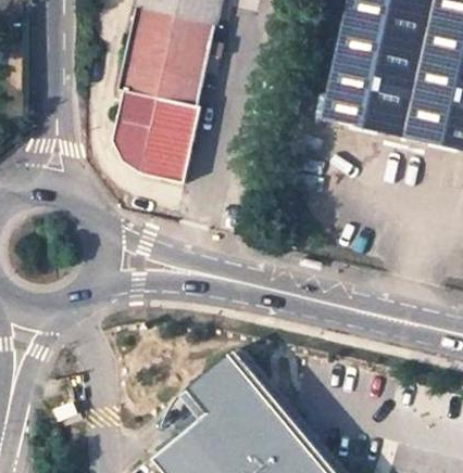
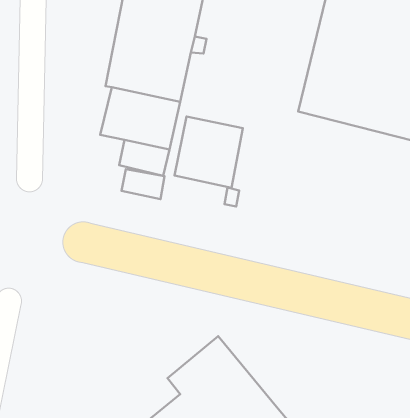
building: none -> [175,117,243,188]
building: none -> [121,169,165,199]

